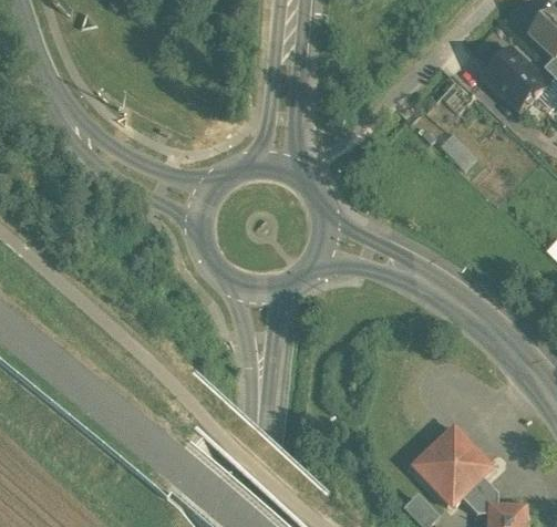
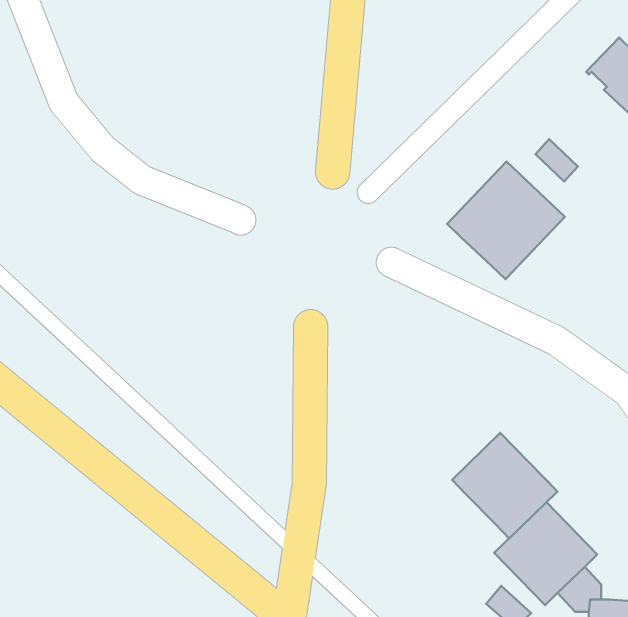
building: none -> [447,161,565,279]
building: none -> [452,433,557,538]

